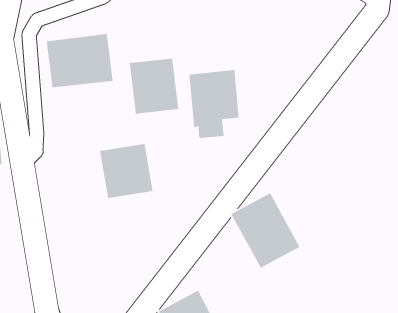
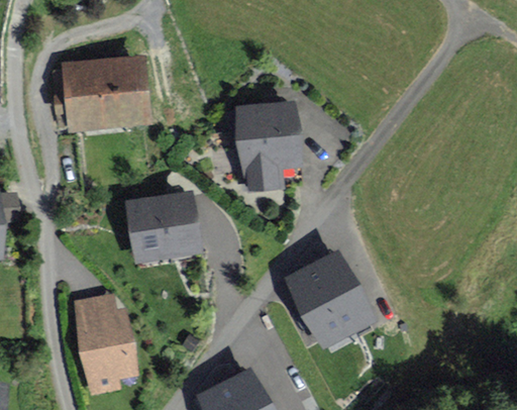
building: [129,58,179,114] -> none
building: none -> [75,297,133,392]

